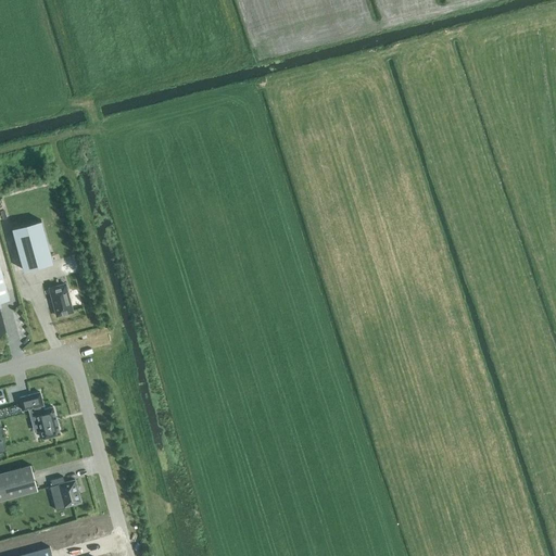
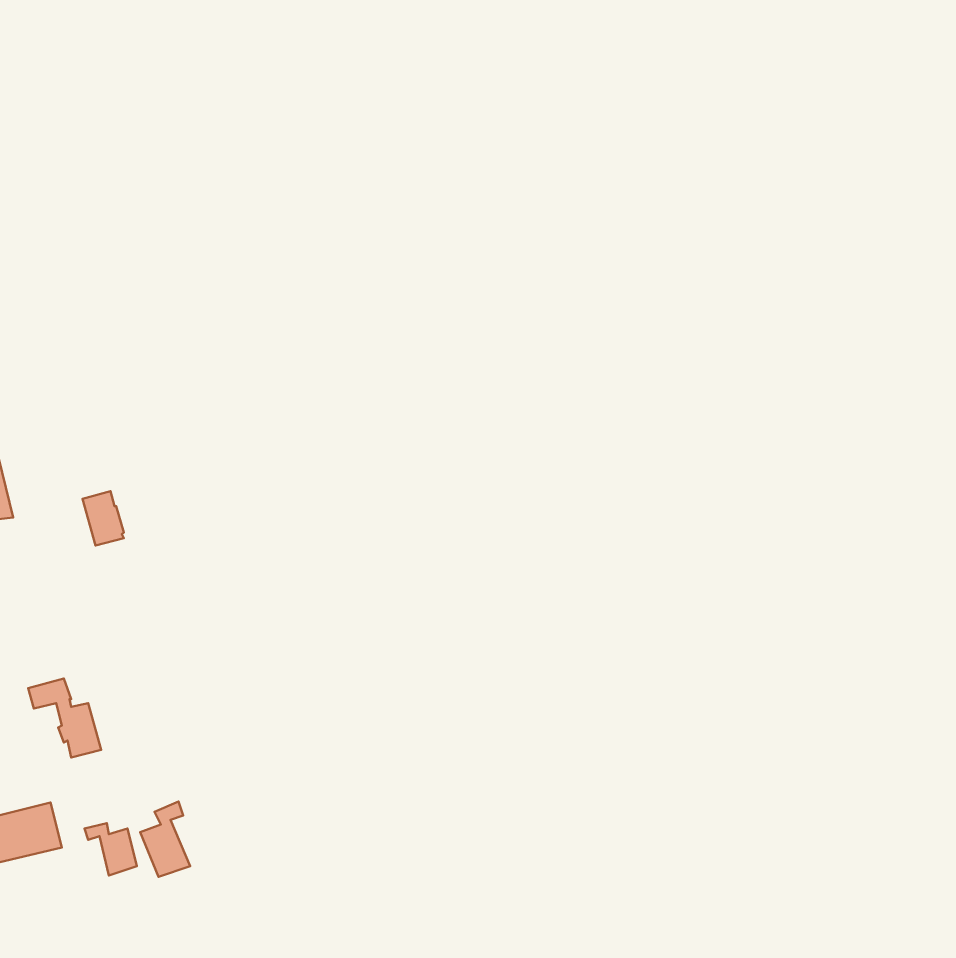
building: [11,220,51,270] -> none
building: none -> [140,801,190,877]

